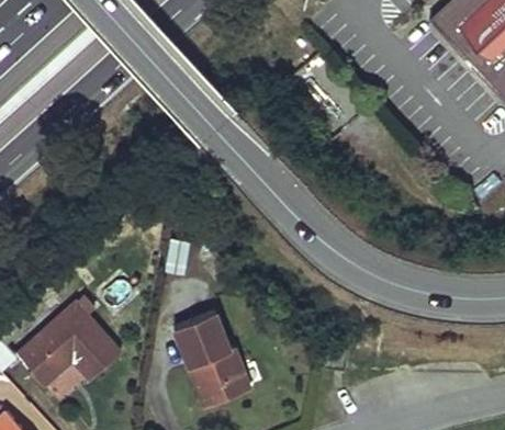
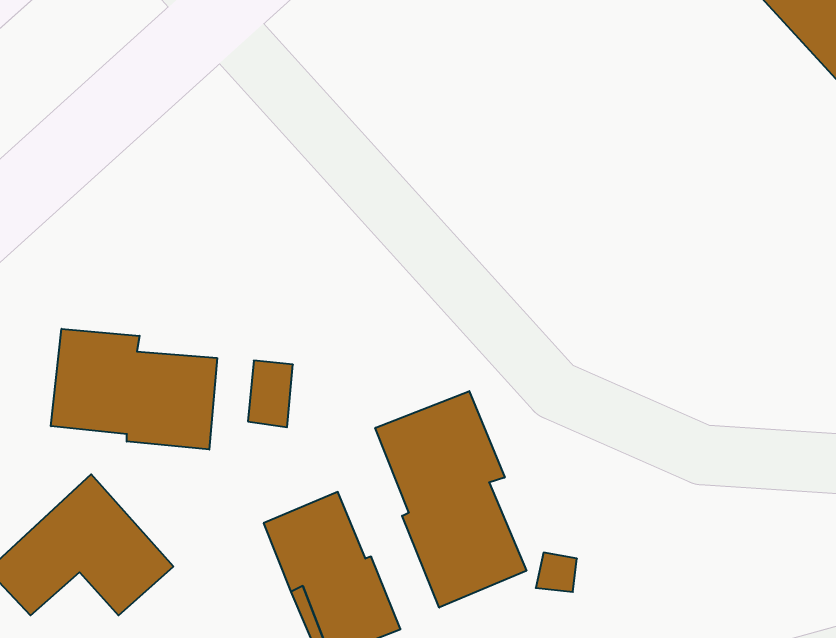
building: none -> [51,329,217,450]
building: none -> [375,391,526,608]

